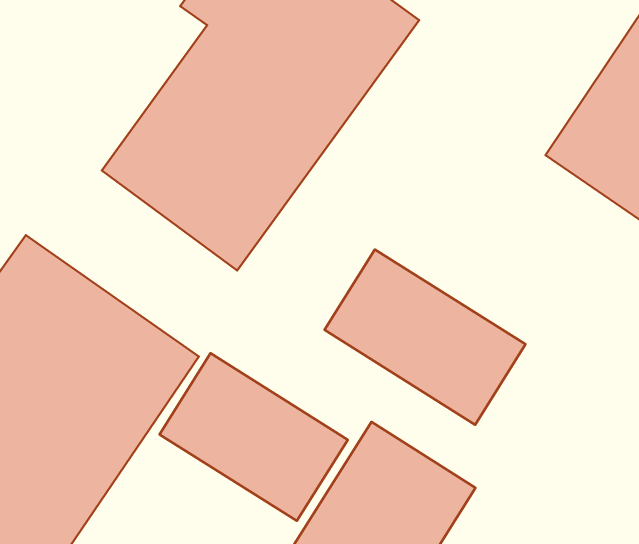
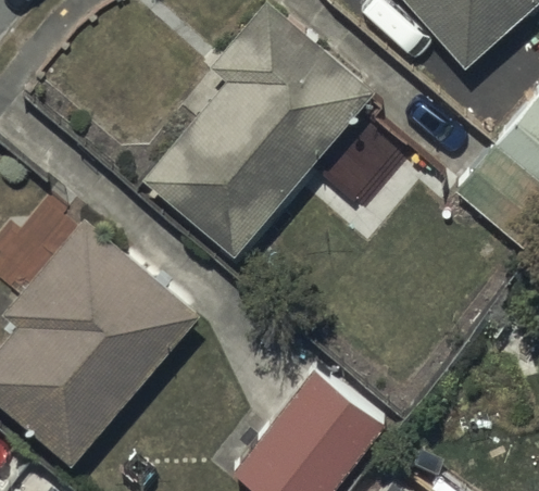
building: [324,249,525,425] -> none
building: [160,353,348,521] -> none

